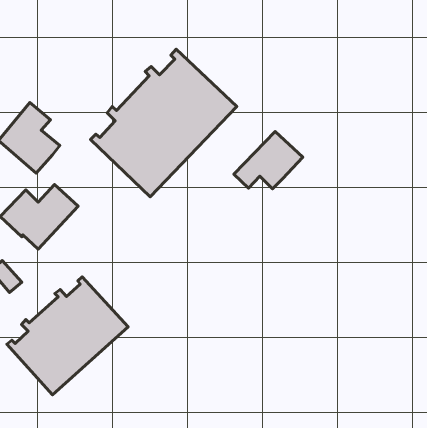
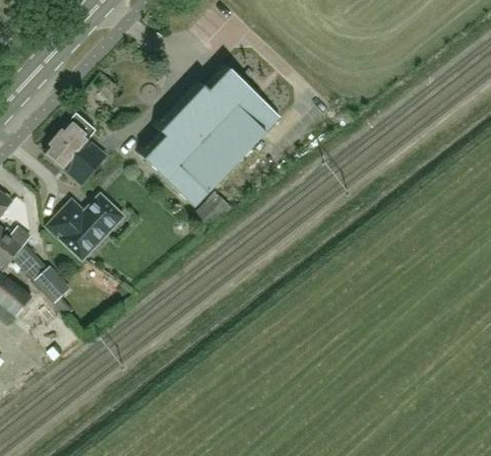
building: [234,132,303,189] -> none
building: [7,277,128,395] -> none

